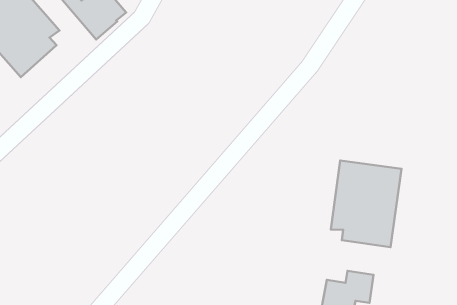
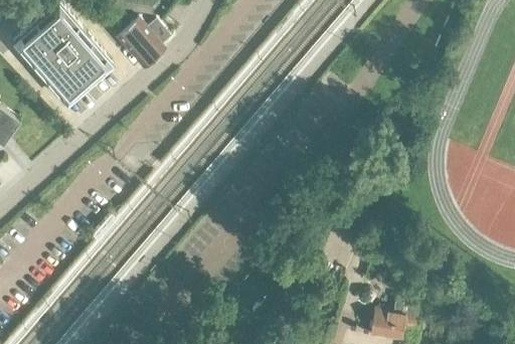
building: [331,161,402,247] -> none

